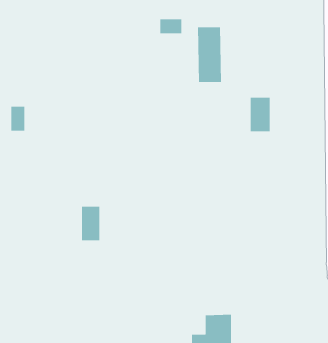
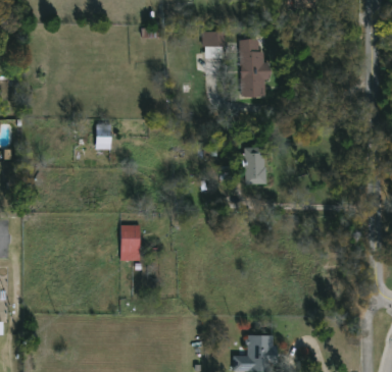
building: [250,97,271,132] -> [244,148,265,183]
building: [10,106,25,131] -> [95,124,110,150]

